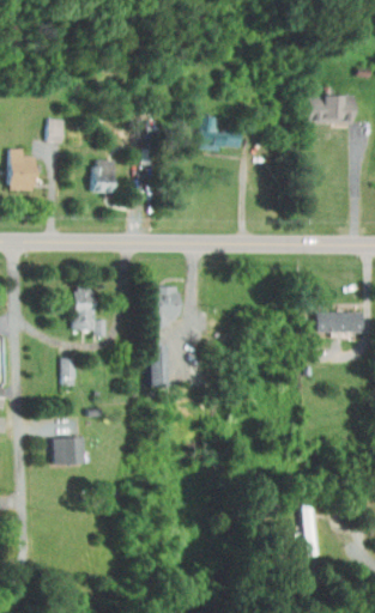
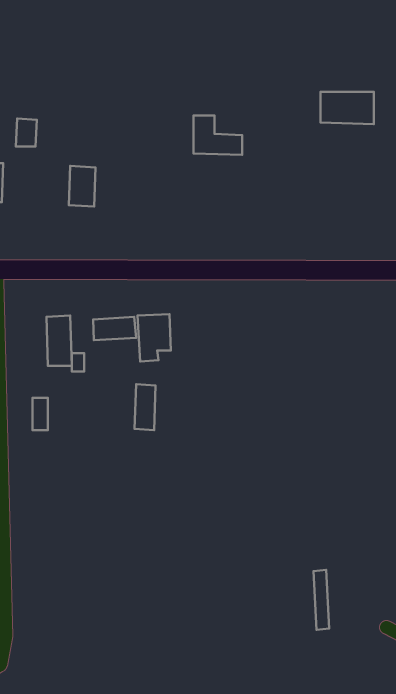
building: none -> [93,317,136,340]
building: [315,311,362,332] -> none
building: [53,437,83,465] -> none

